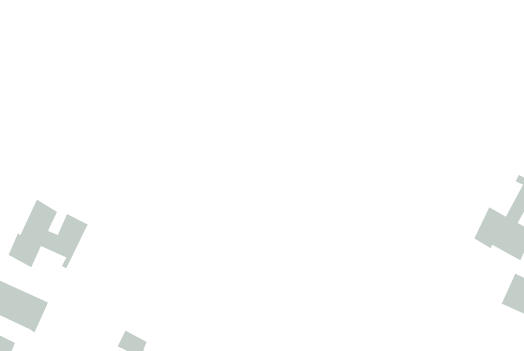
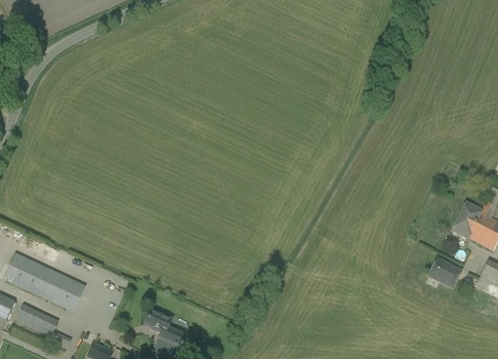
building: [8,198,89,269] -> none
building: none -> [427,257,459,286]

